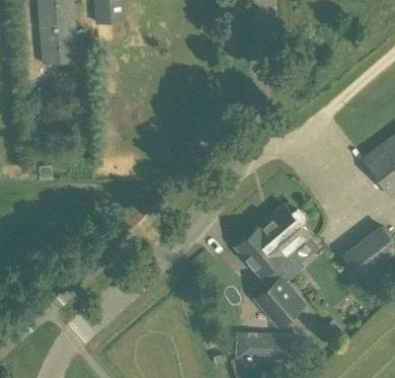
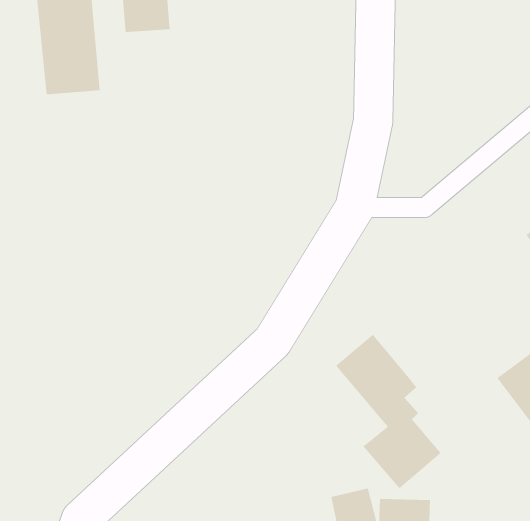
building: [260,206,309,255] -> none

